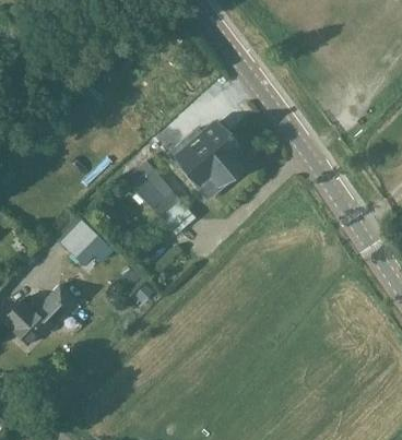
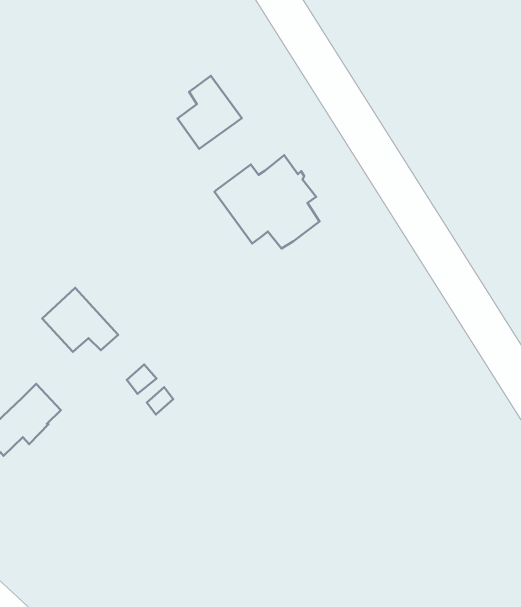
building: none -> [178,76,242,149]
building: [131,177,177,215] -> none

